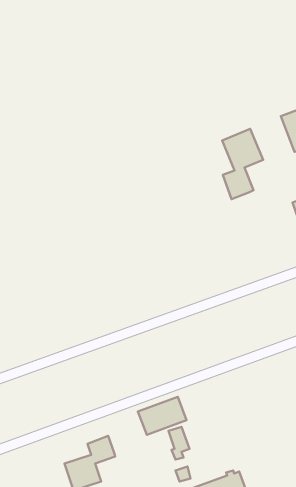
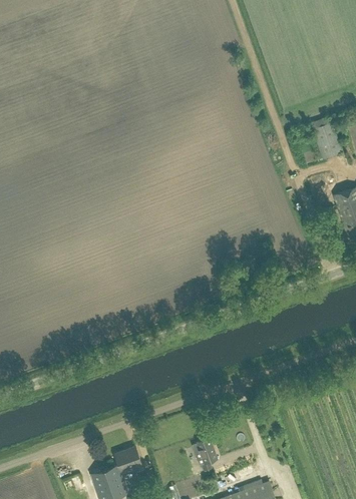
building: [222,129,263,199] -> none
building: [138,397,187,435] -> none

